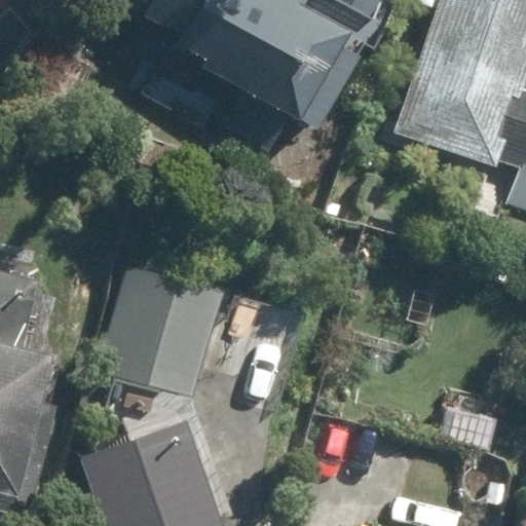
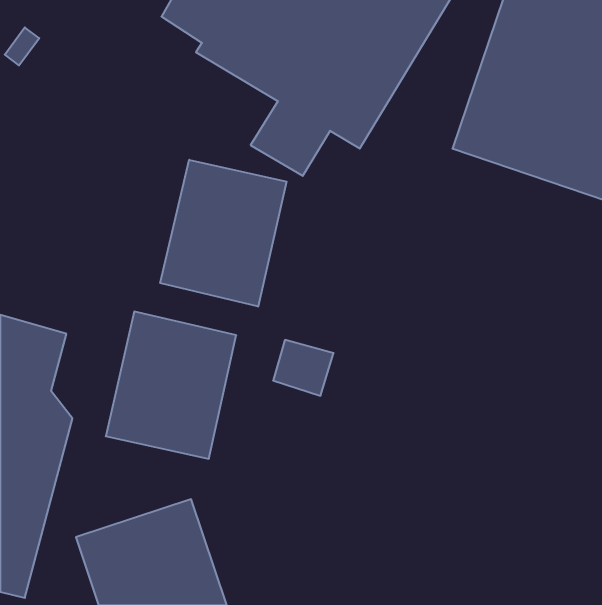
building: none -> [160,160,287,307]

